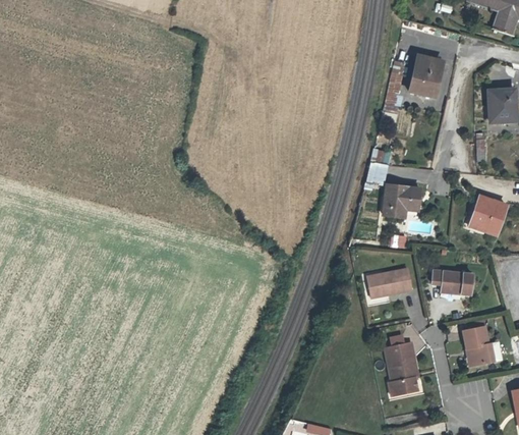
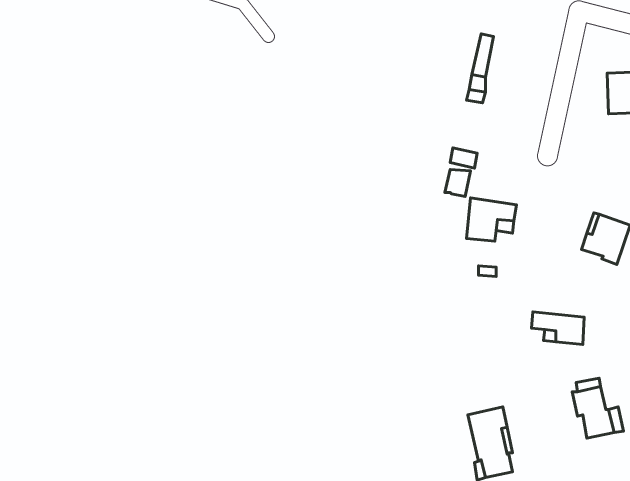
building: [409,56,440,97] -> none
building: [366,269,411,295] -> none

